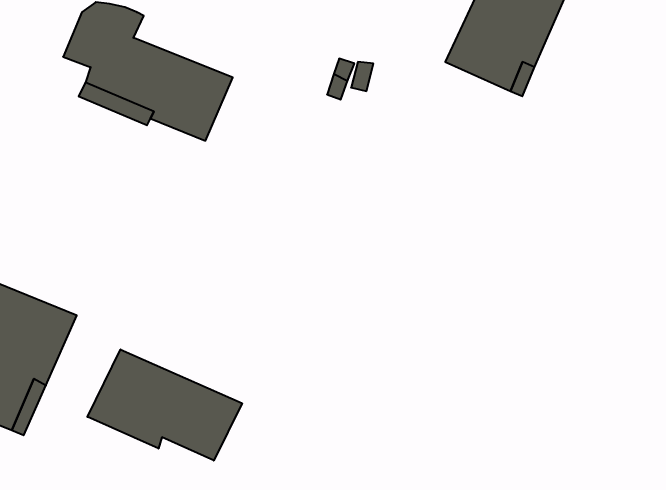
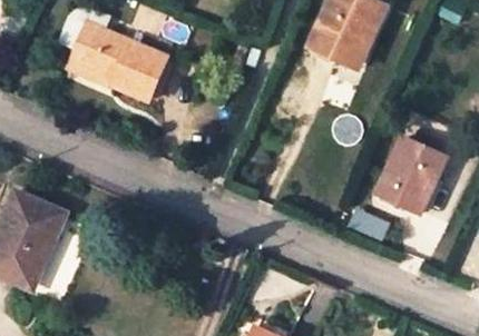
building: none -> [375,138,444,213]
building: [87,349,242,461] -> none

